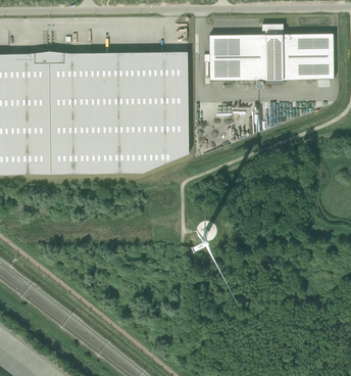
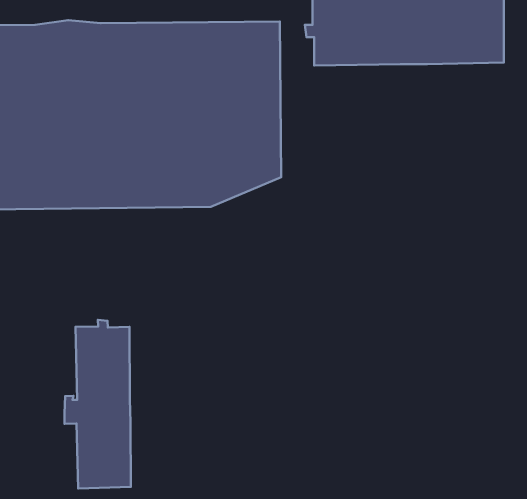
building: none -> [64,320,131,488]

